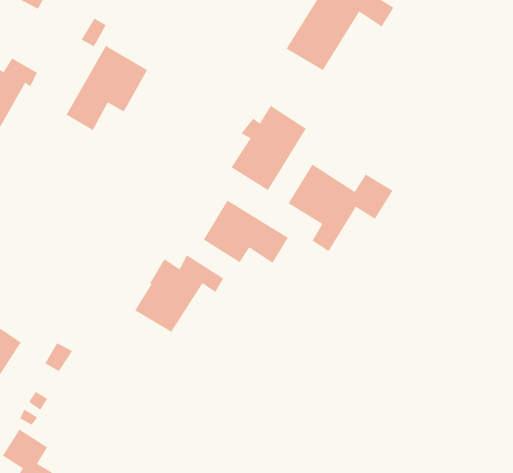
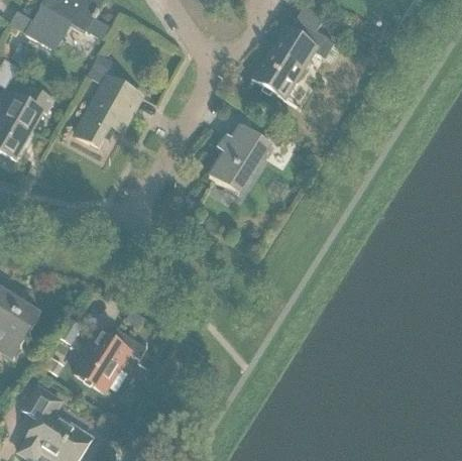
building: [287,164,393,252] -> none
building: [203,199,289,264] -> none
building: [134,254,224,333] -> [73,327,145,390]

